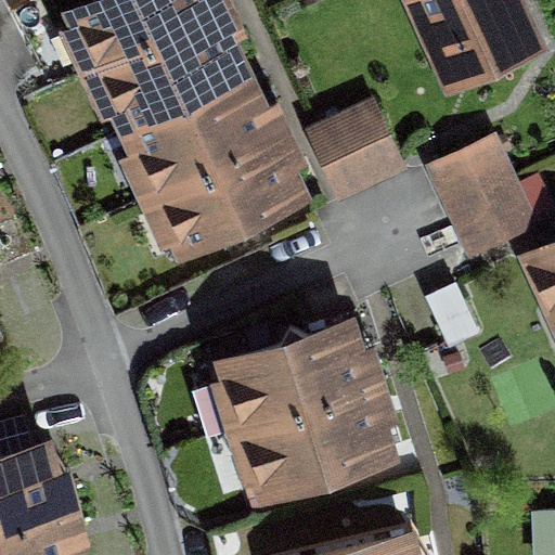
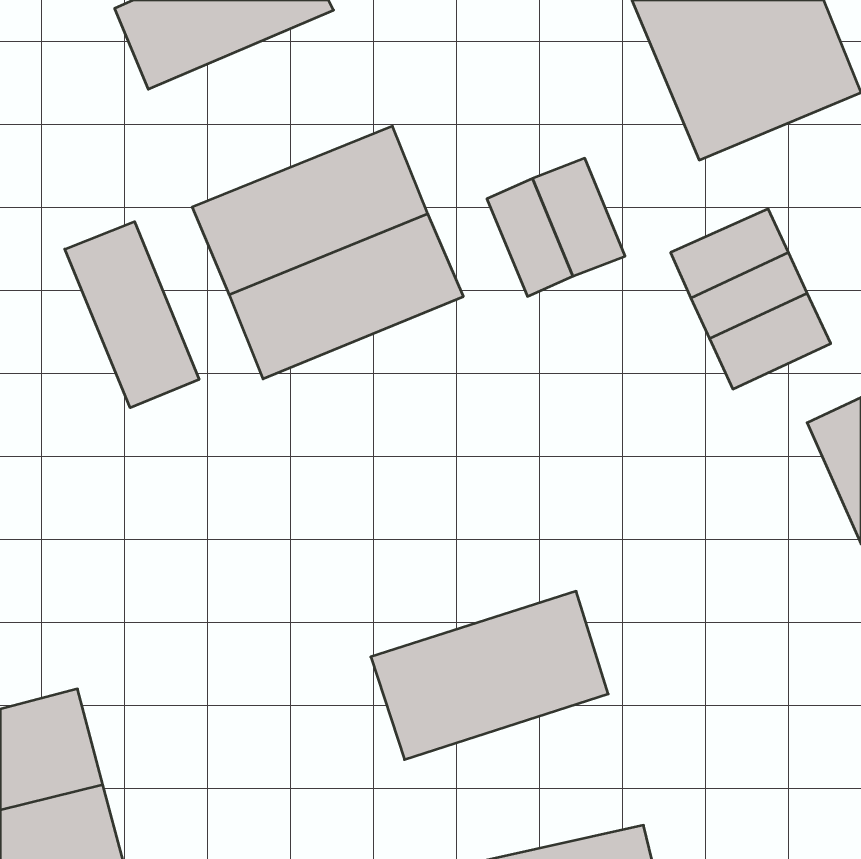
building: [95,8,238,114] -> none
building: none -> [65,222,199,408]
building: [219,320,371,424] -> none

